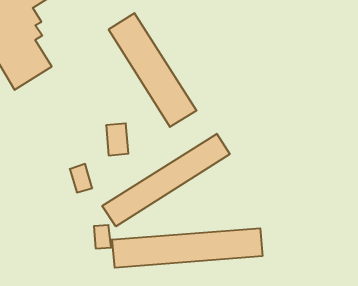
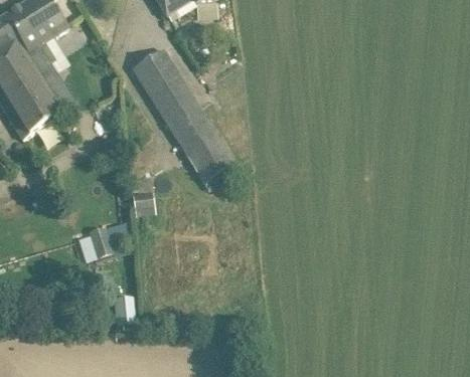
building: [102,134,230,226] -> none
building: [112,228,262,268] -> none

